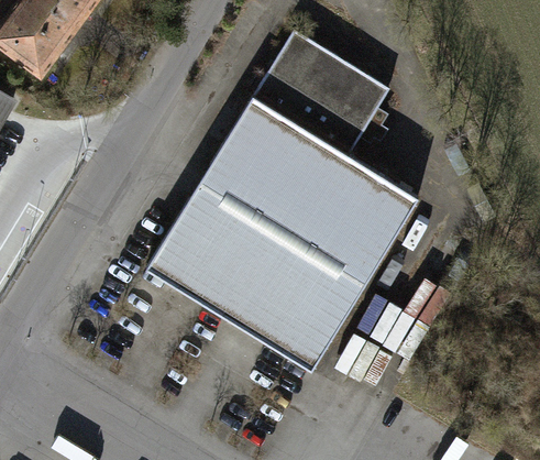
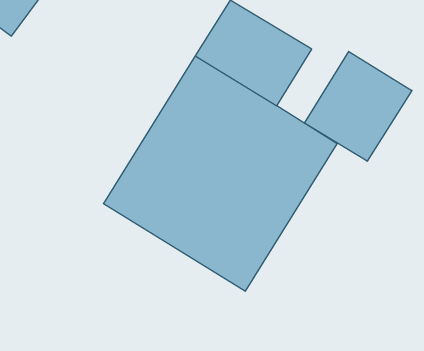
building: none -> [304,51,412,161]

